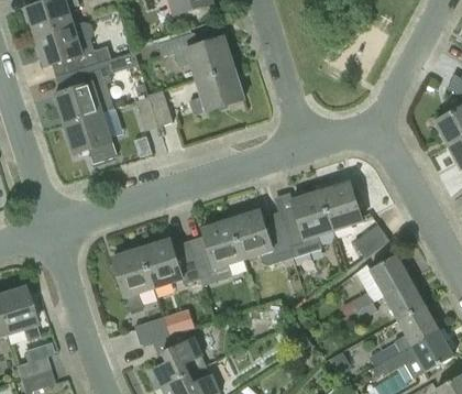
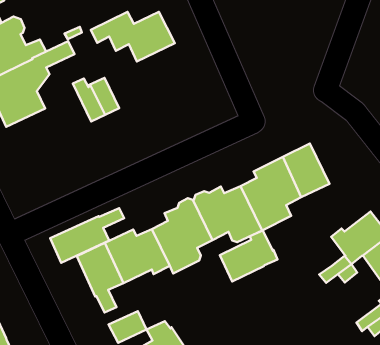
building: [189,68,244,114] -> none
building: [63,112,116,164] -> none
building: none -> [50,208,124,263]
building: [353,225,389,259] -> none
building: none -> [220,230,278,282]

